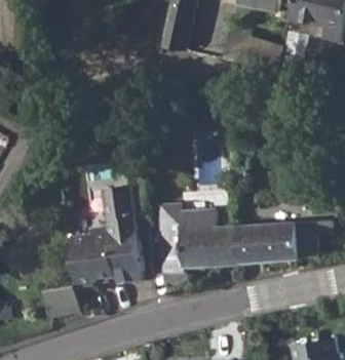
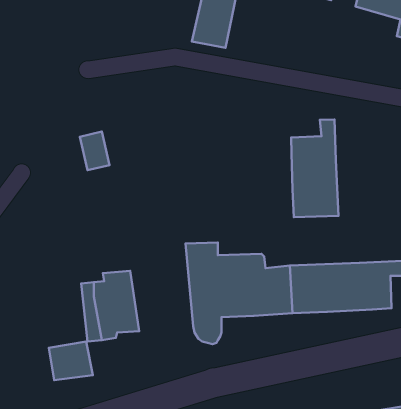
building: none -> [291,120,339,217]
building: [108,188,145,281] -> none

